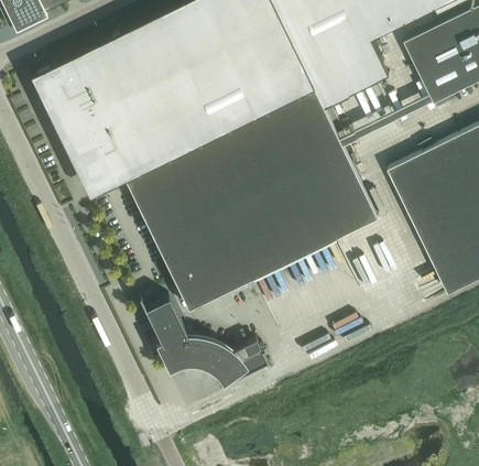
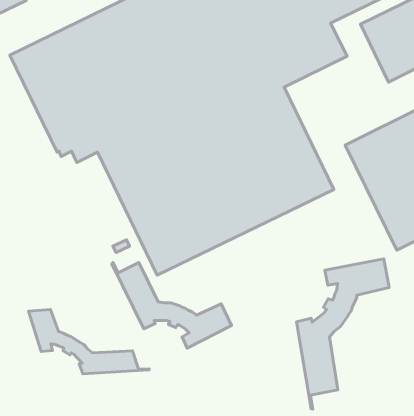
building: none -> [296,259,389,409]
building: none -> [29,310,149,374]

